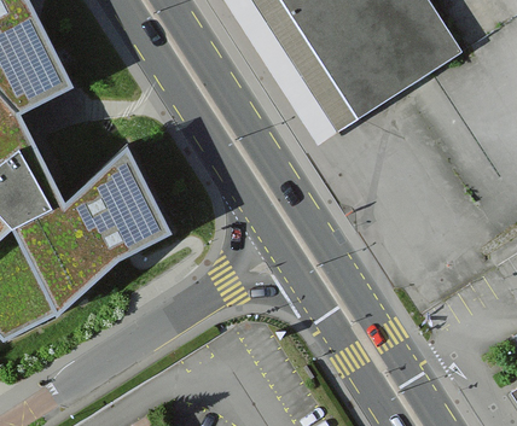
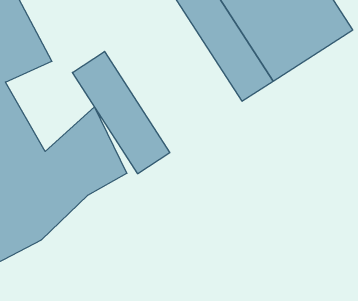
building: none -> [72,51,170,174]

